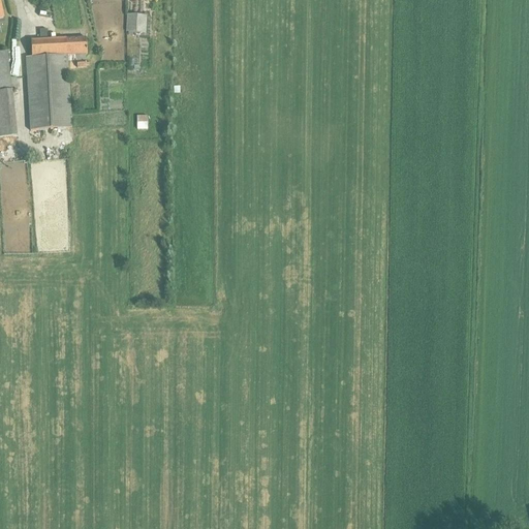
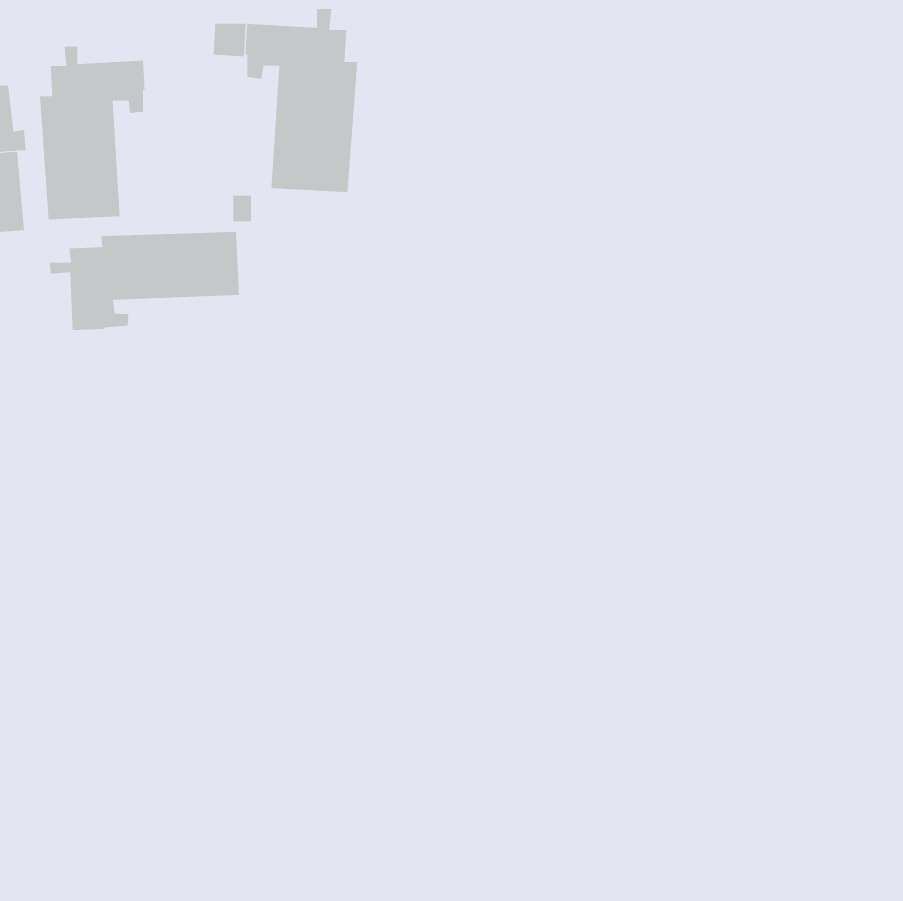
building: none -> [245,8,358,193]
building: none -> [49,231,240,331]

